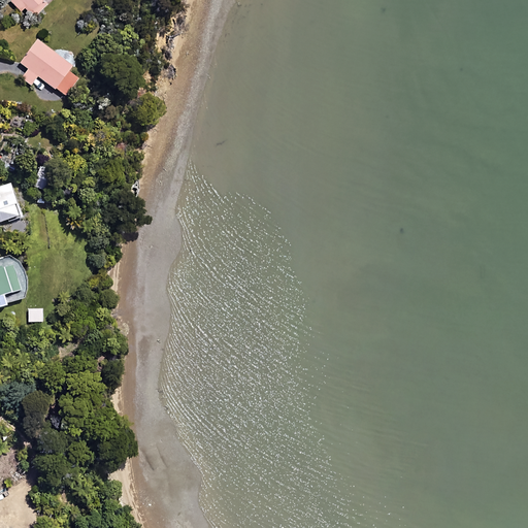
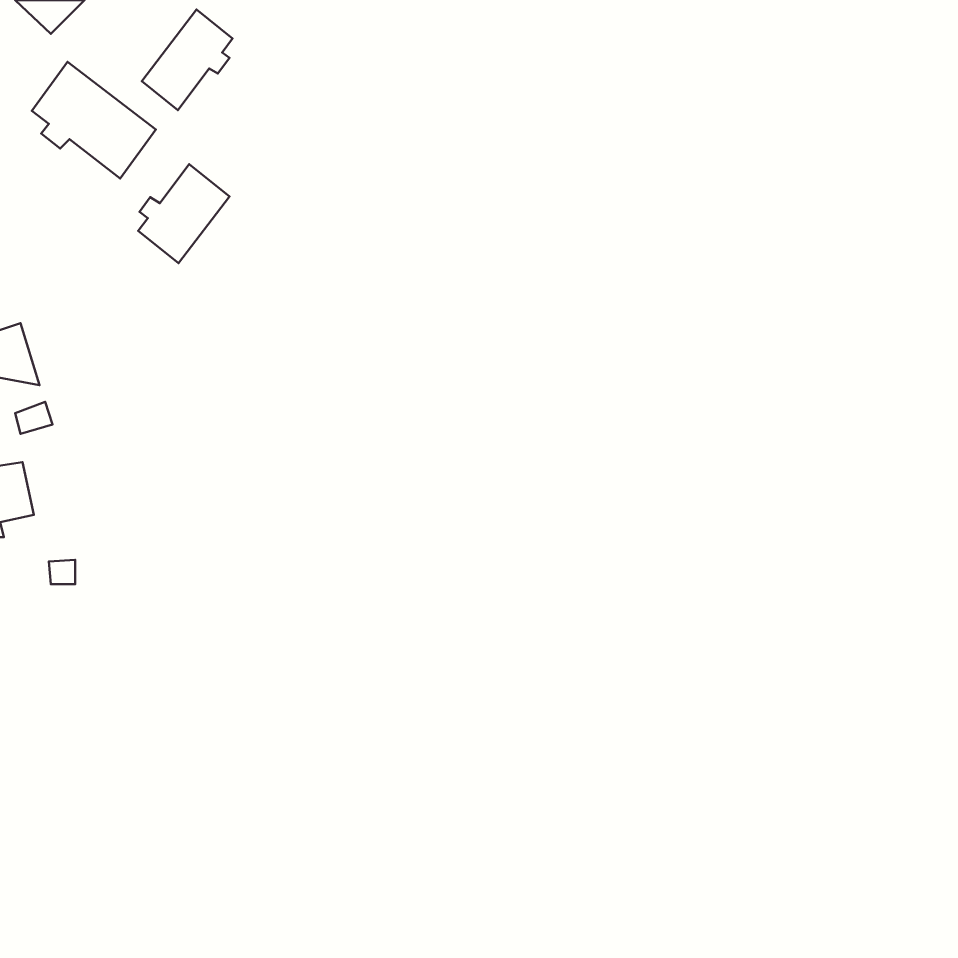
building: none -> [142,10,233,110]
building: none -> [138,164,229,263]

